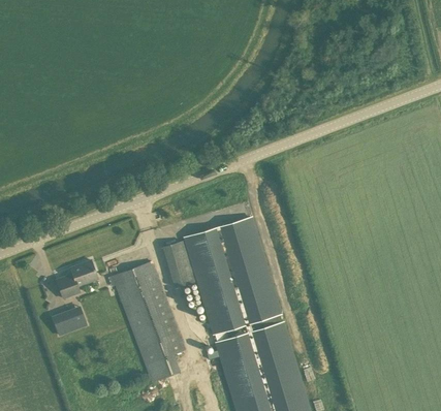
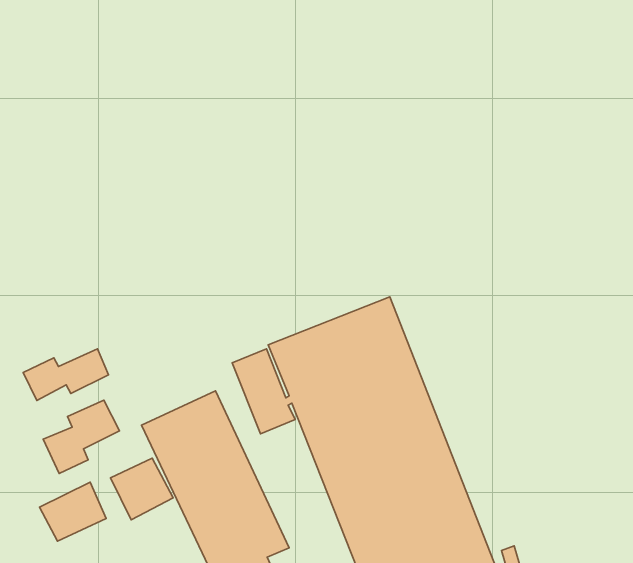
building: none -> [23,349,108,400]
building: none -> [110,458,173,520]

